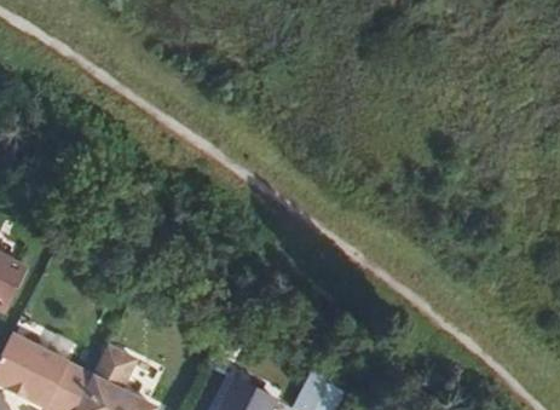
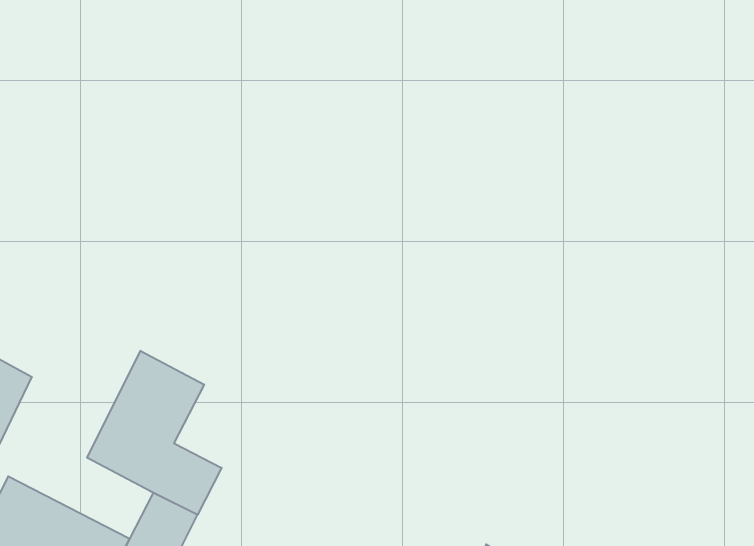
building: none -> [87,351,222,515]

